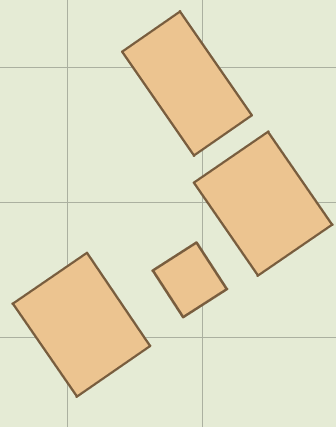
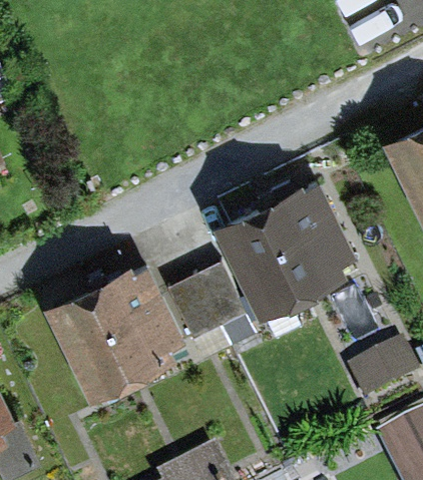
building: [122,11,252,156] -> none

